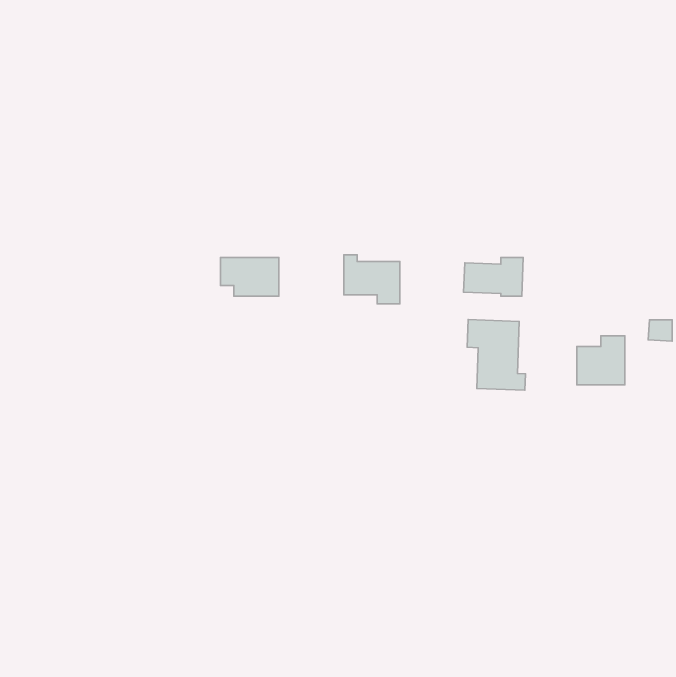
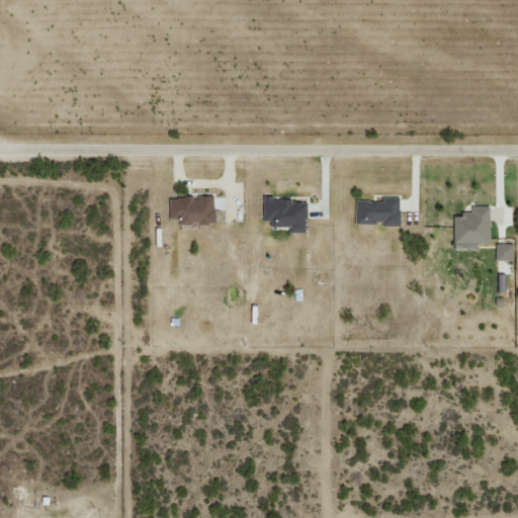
building: [467,320,525,390] -> none
building: [577,336,625,385] -> [453,206,490,244]

